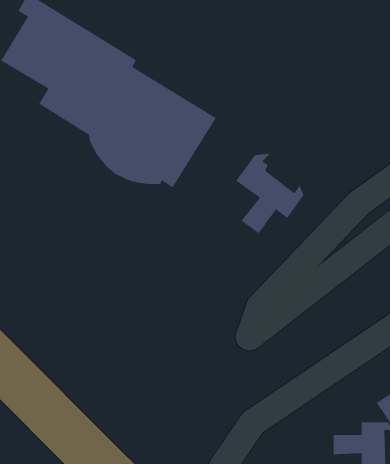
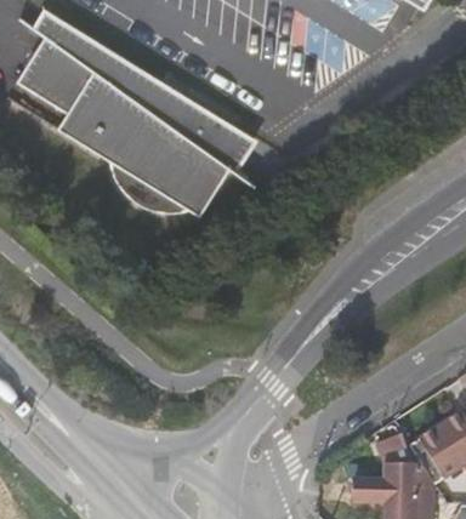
building: [235,153,304,234] -> none

